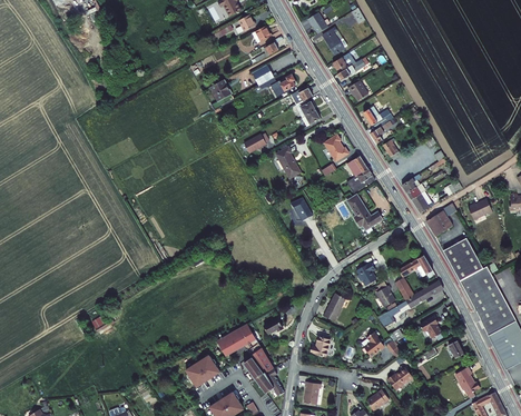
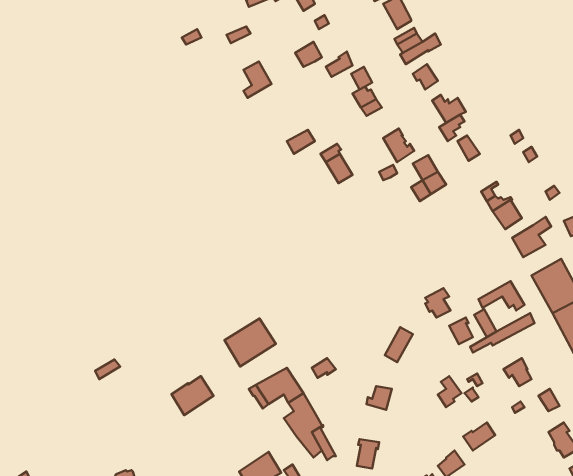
building: [347,195,381,230] -> none
building: none -> [224,319,276,367]
building: [186,356,219,387] -> [172,376,213,415]

